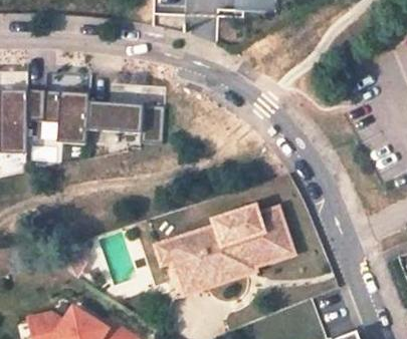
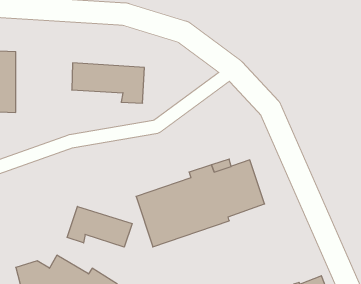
building: [26,89,88,144] -> none
building: none -> [67,206,132,247]

